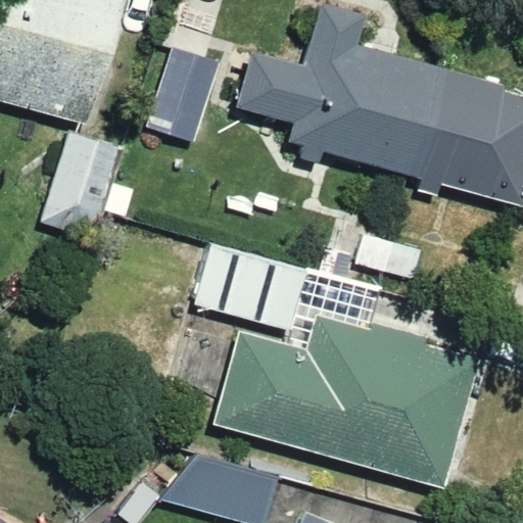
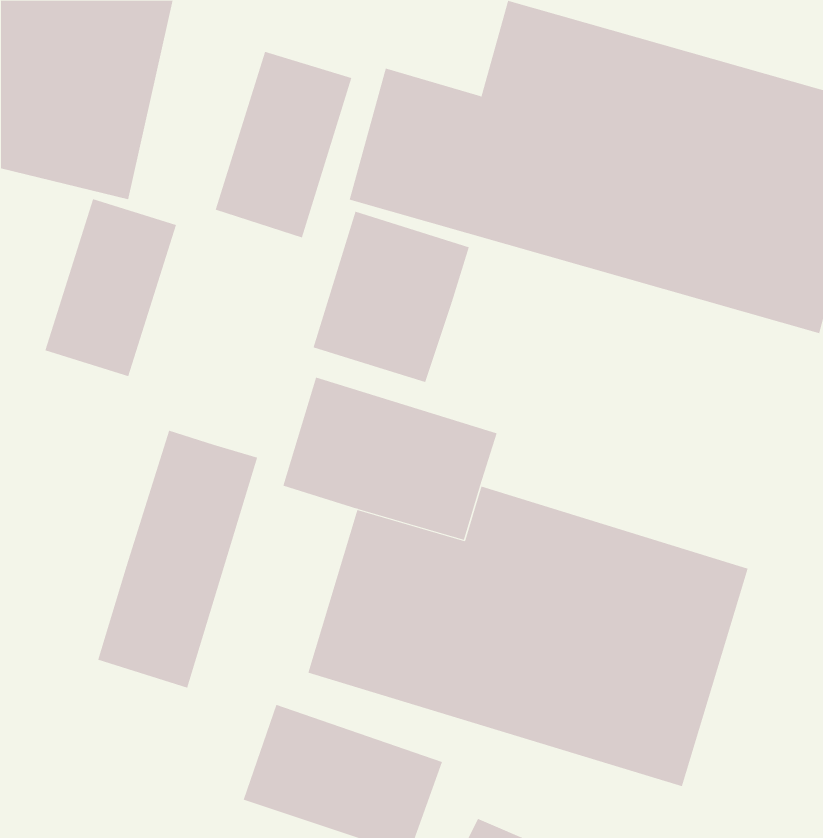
building: none -> [313,211,469,383]
building: none -> [98,430,258,688]

